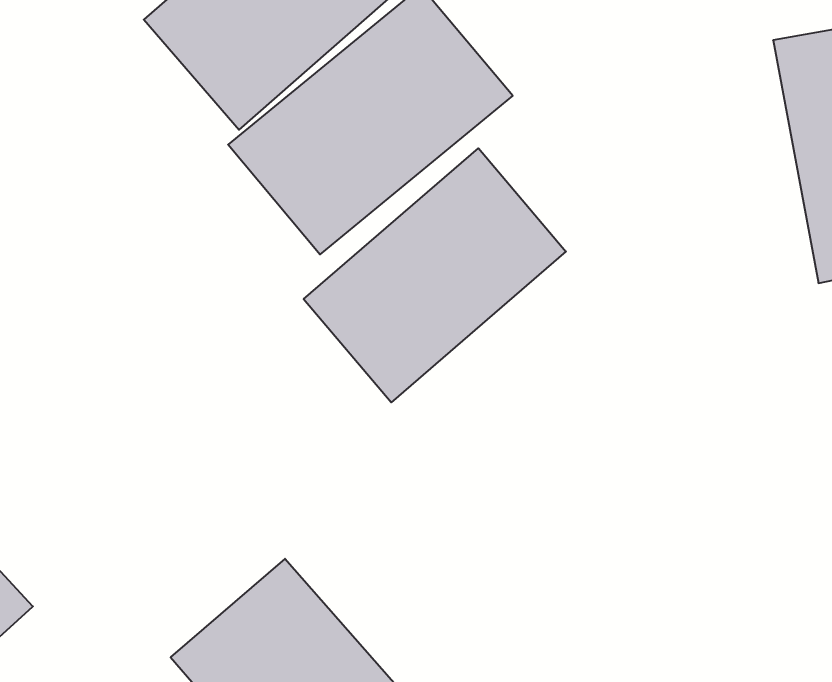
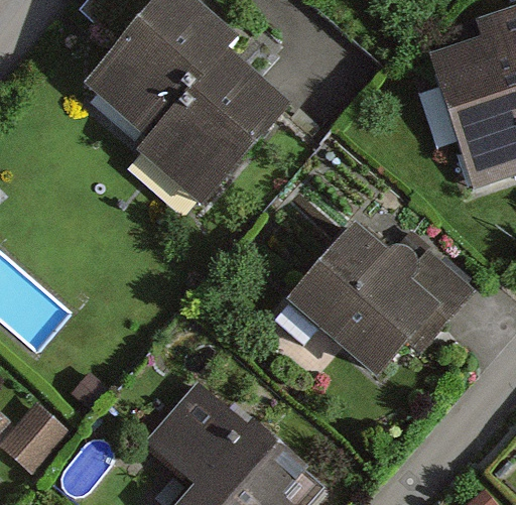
building: [304,148,566,402] -> none
building: none -> [289,231,444,384]

